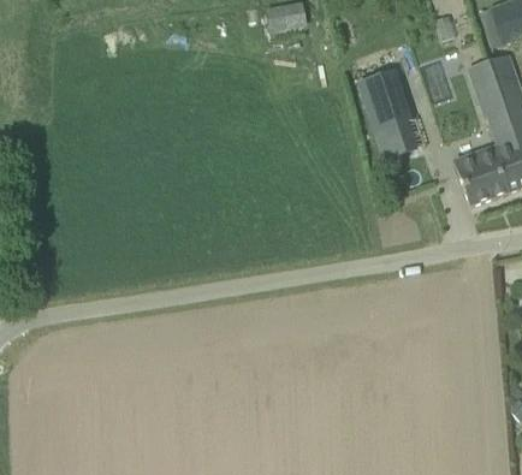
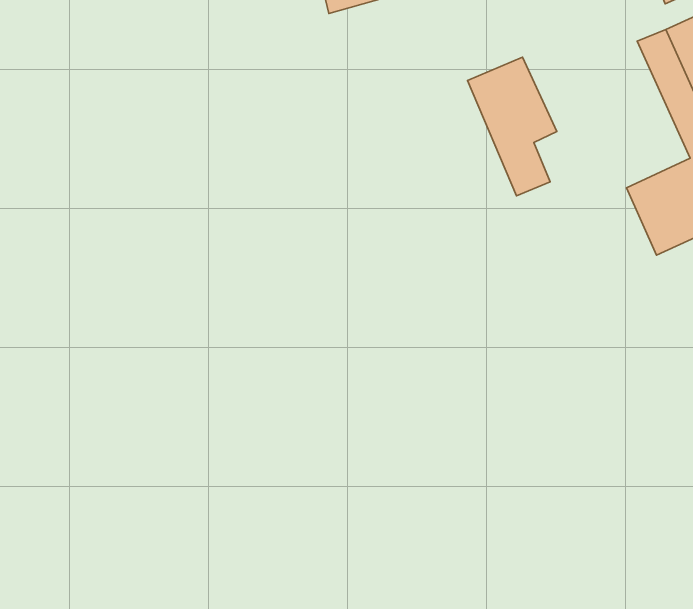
building: [421,54,452,99] -> none

